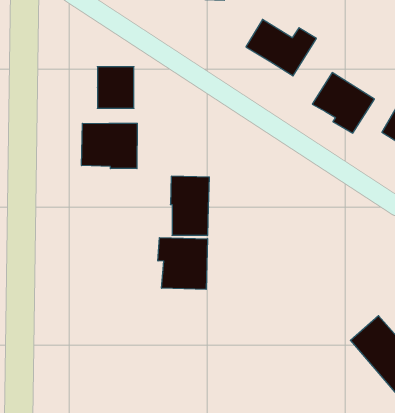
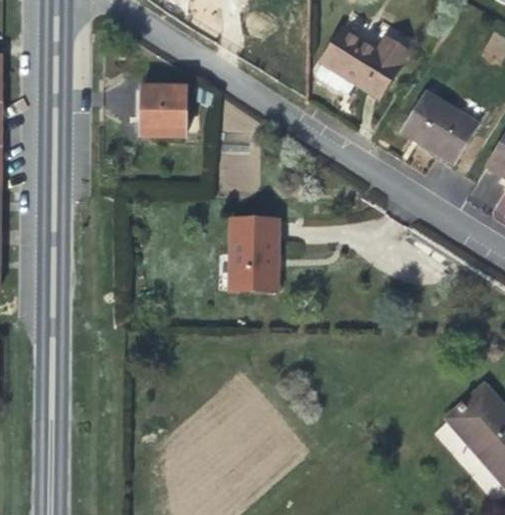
building: [82,123,137,169] -> none
building: [158,238,208,289] -> none

